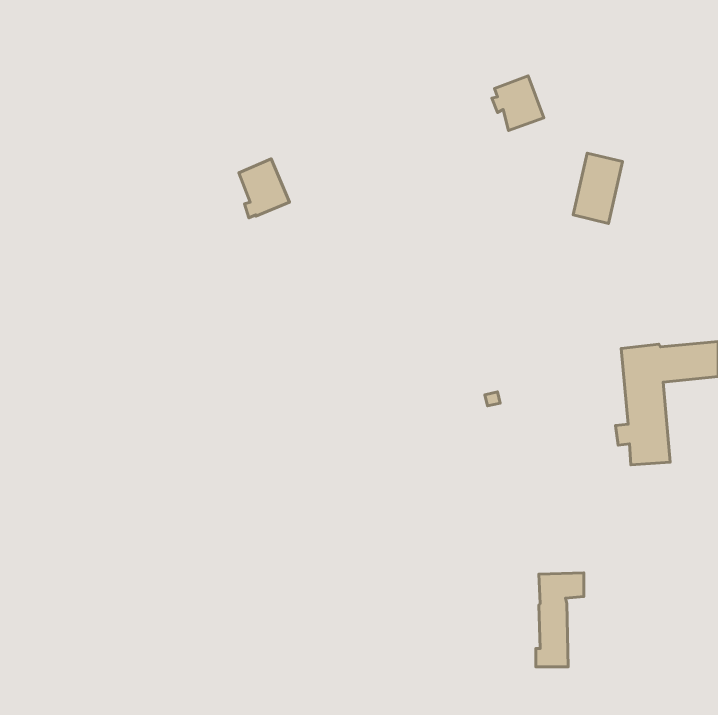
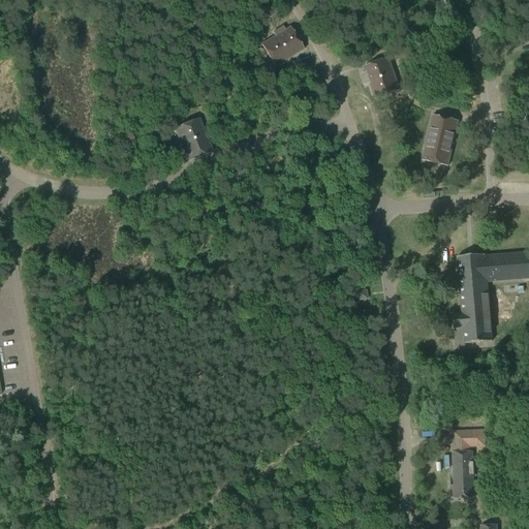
building: none -> [261,24,304,64]
building: [536,573,584,667] -> [450,428,486,497]

